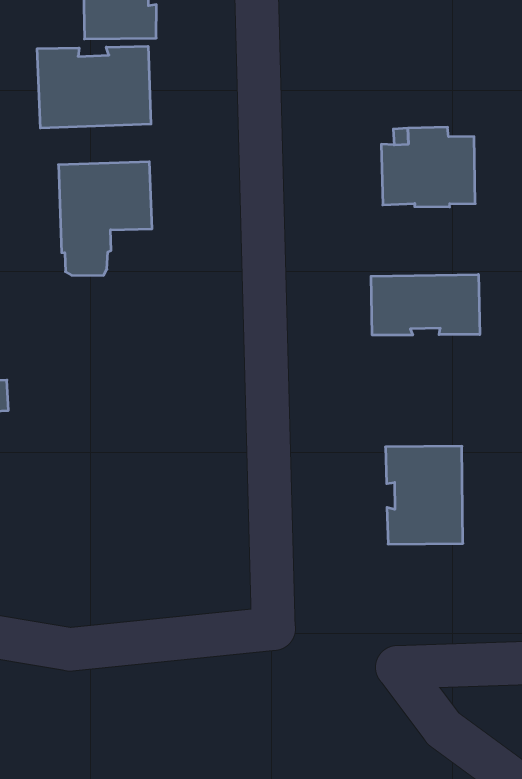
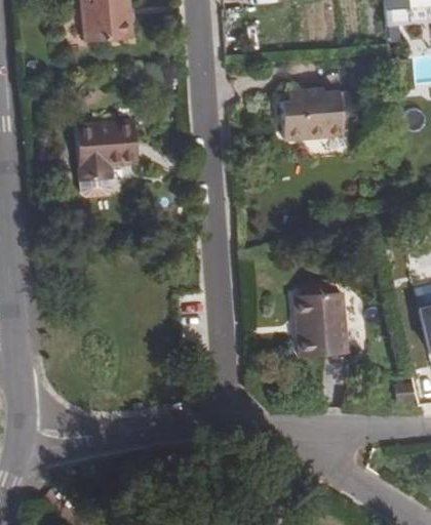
building: [37,46,151,128] -> none
building: [371,274,480,335] -> none

